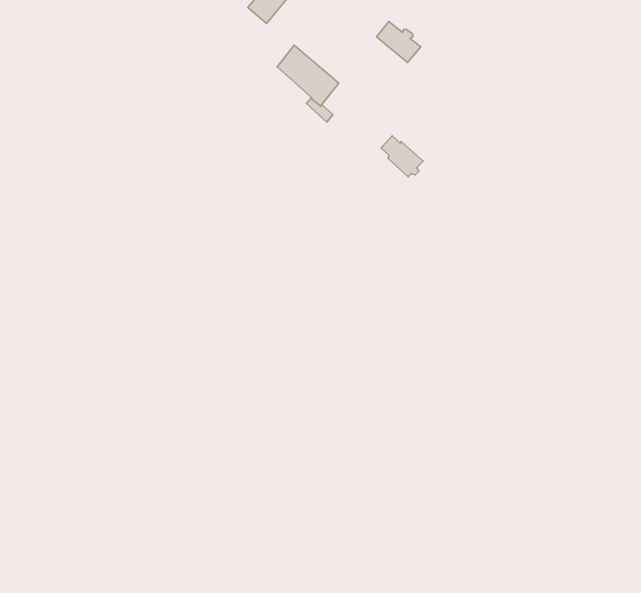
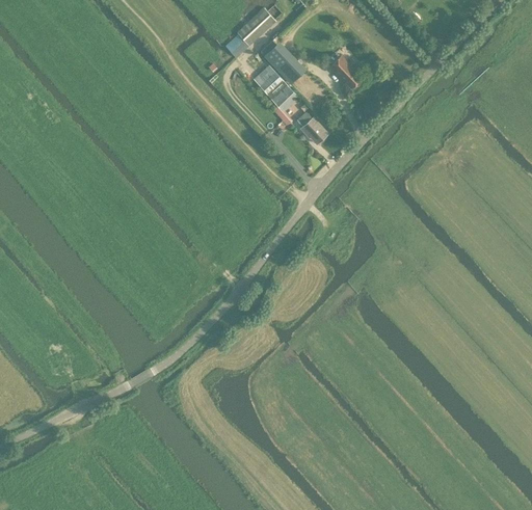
building: none -> [264,43,302,82]
building: [381,136,423,177] -> [297,110,327,142]

